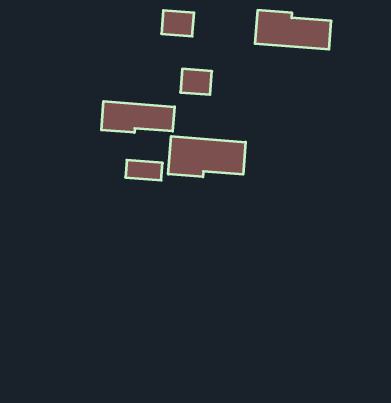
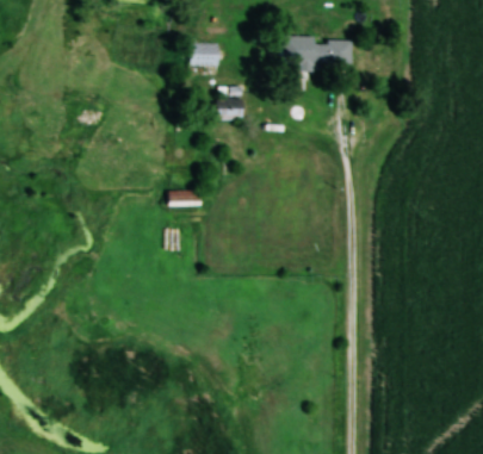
building: [101,101,175,133] -> none
building: [168,136,246,177] -> none

